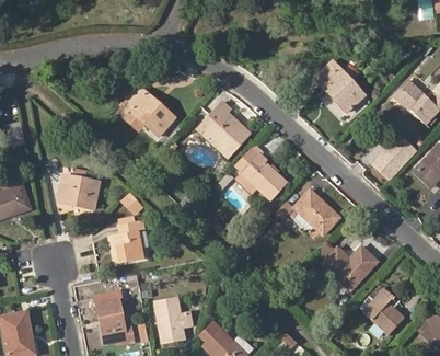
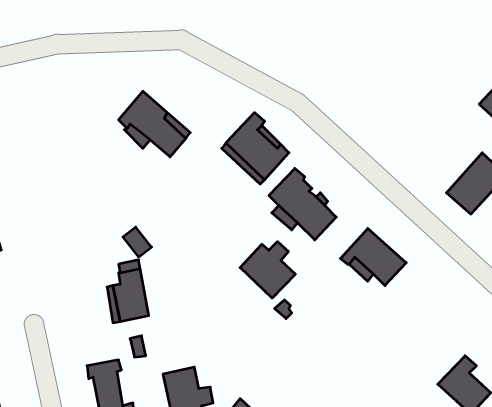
building: [315,60,364,111] -> none
building: [59,175,96,207] -> none
building: none -> [240,242,295,298]
building: [322,245,378,289] -> none

